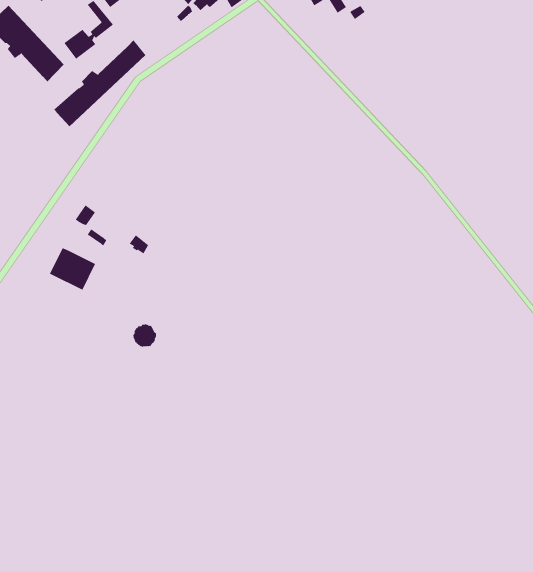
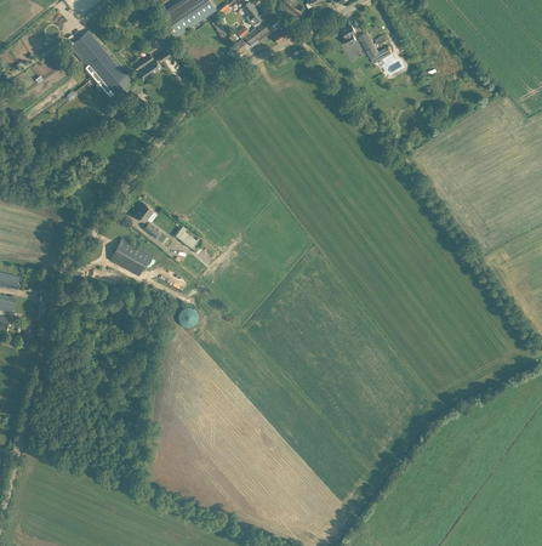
building: [54,40,146,127] -> none

